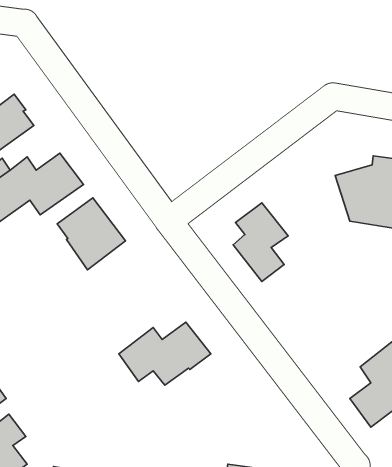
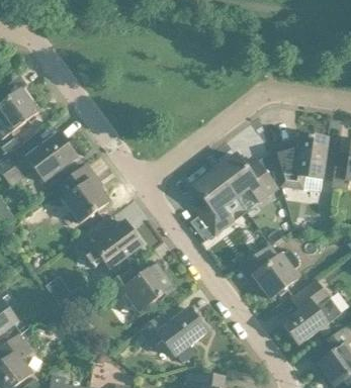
building: none -> [215,155,277,199]
building: none -> [77,218,143,269]
building: none -> [241,246,300,297]
building: none -> [141,307,208,356]

